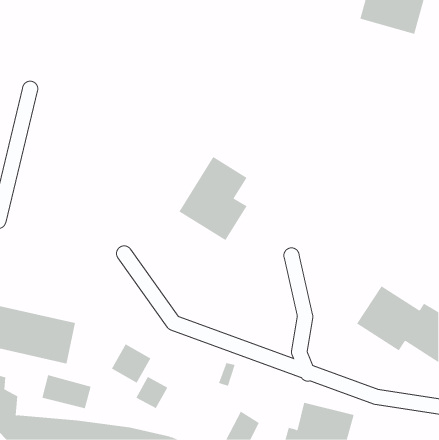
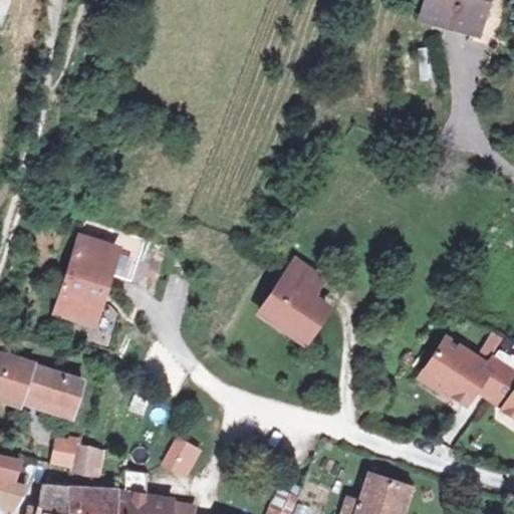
building: [178,156,247,241] -> [250,250,330,348]
building: none -> [55,237,125,332]
building: [111,344,151,383] -> none

